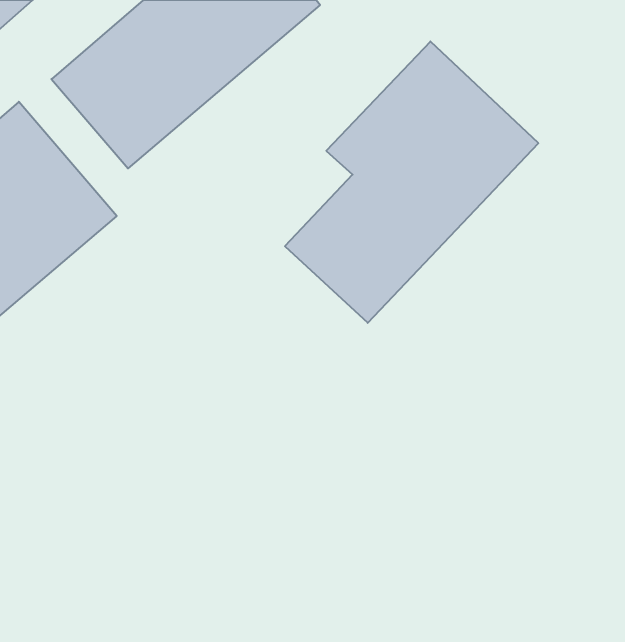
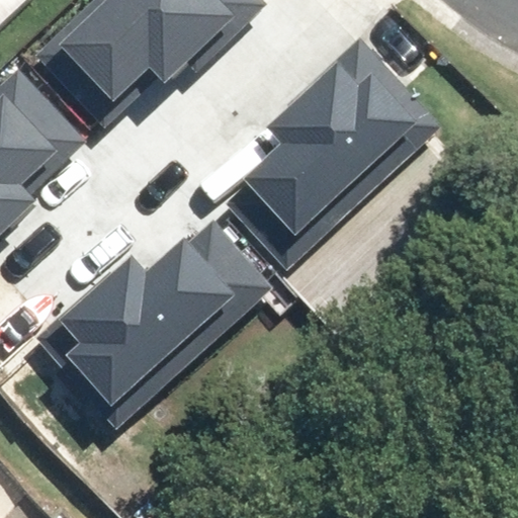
building: none -> [47,212,272,414]

